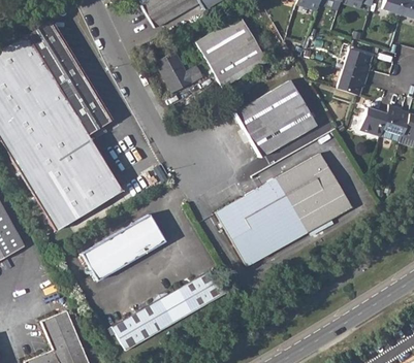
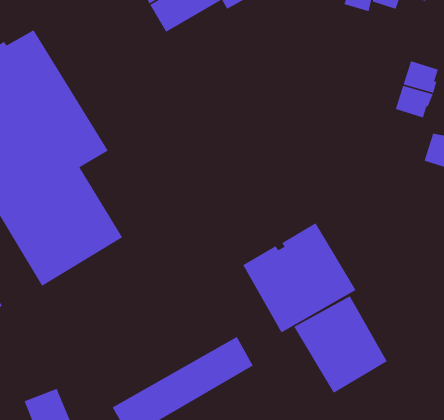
building: [196,16,267,88] -> none
building: [156,51,202,93] -> none
building: [234,80,317,158] -> none
building: [275,154,350,232] -> [293,295,388,394]
building: [82,214,165,280] -> none

